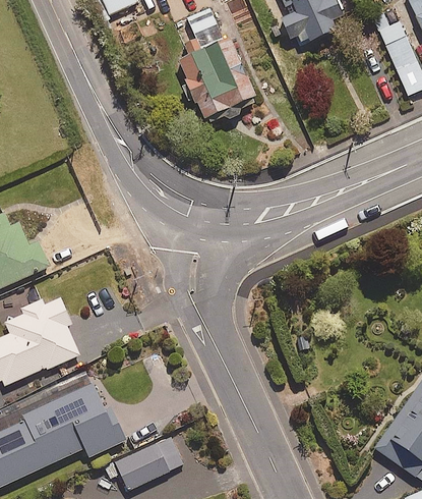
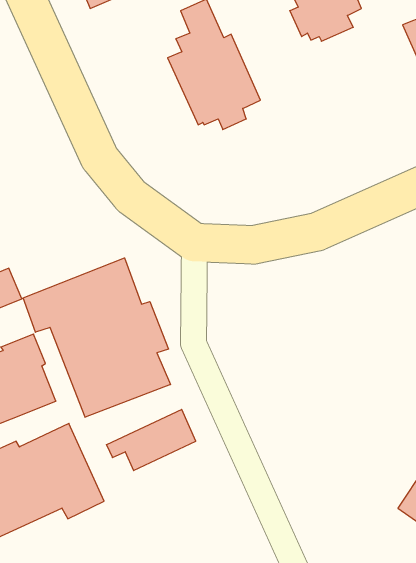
building: none -> [23,258,170,417]
building: [105,438,182,491] -> [106,409,196,471]

